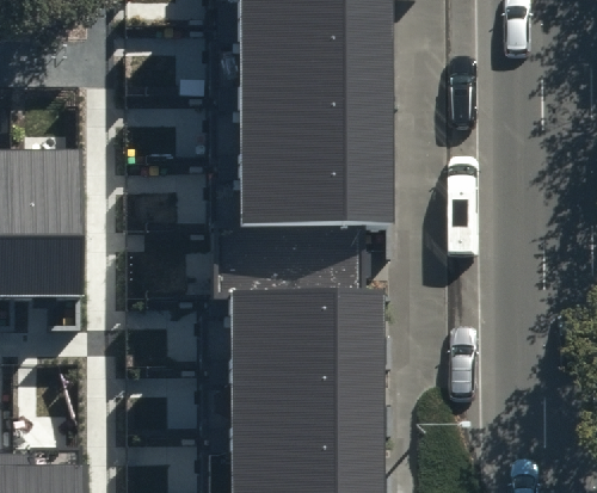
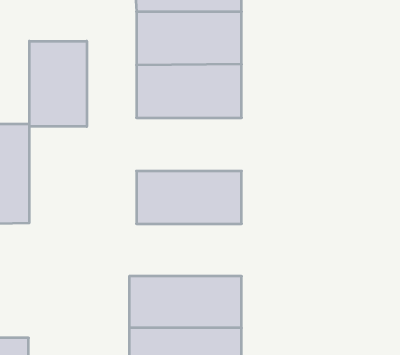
building: none -> [29,41,87,127]
building: [238,156,376,227] -> none
building: [228,296,376,365] -> none

